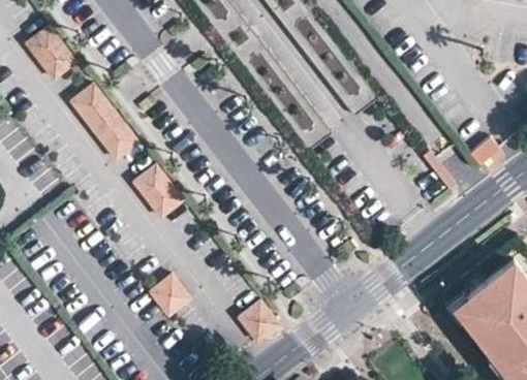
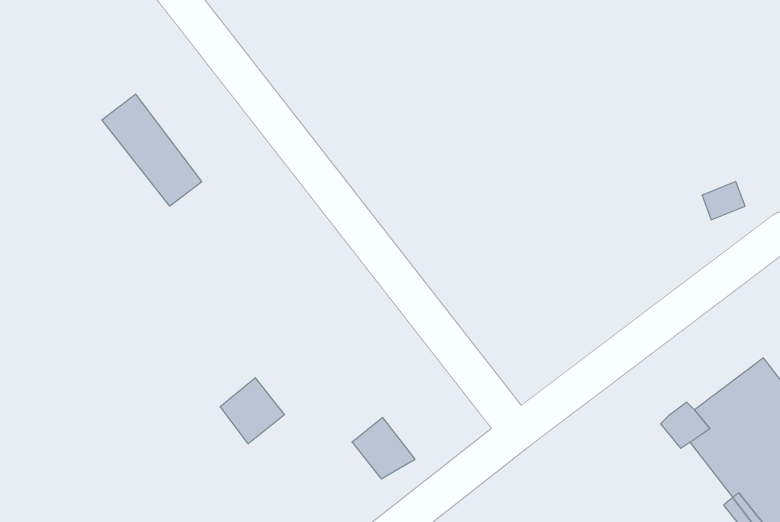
building: [25,25,74,76] -> none
building: [132,164,183,216] -> none

